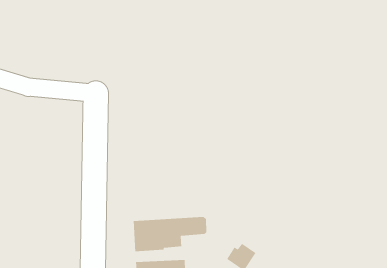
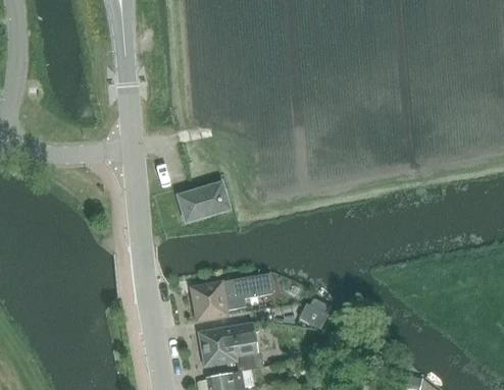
building: none -> [179,182,229,222]

